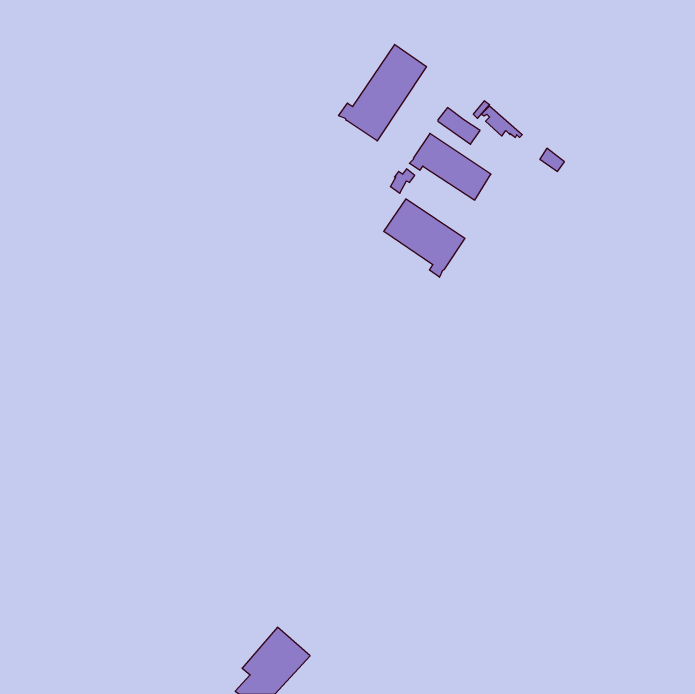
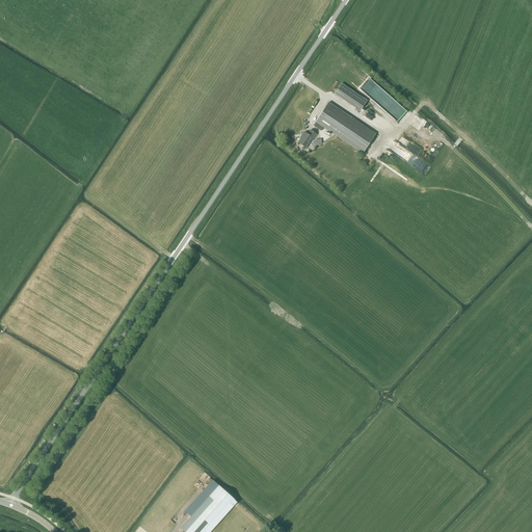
building: [339,44,426,141] -> none
building: [384,199,465,277] -> none

